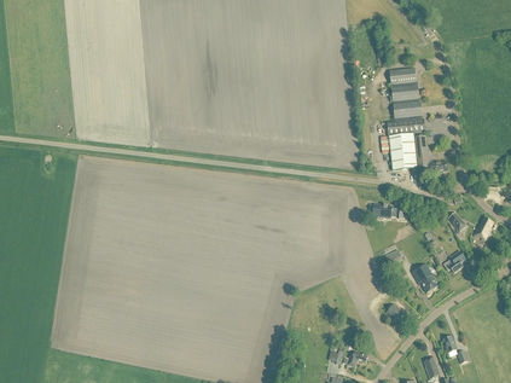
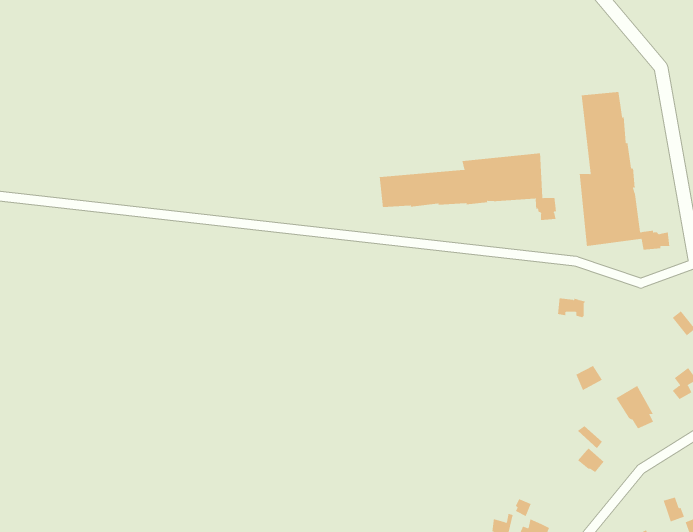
building: none -> [379,153,556,221]

